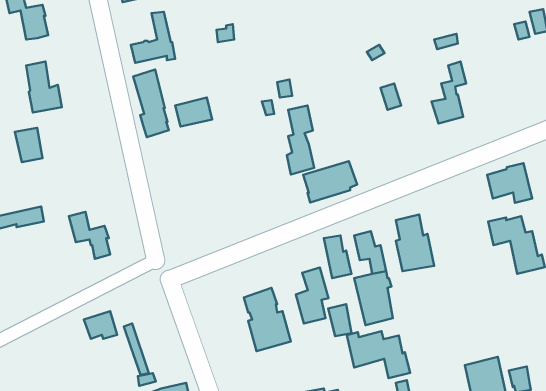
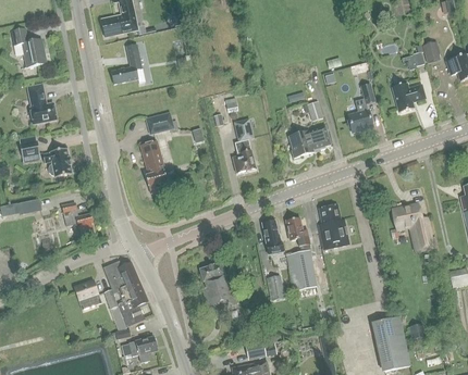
building: none -> [392,83,426,111]
building: [133,70,169,137] -> [139,139,168,192]
building: none -> [42,147,72,176]
building: [303,161,357,203] -> [288,124,331,157]
building: [487,163,532,203] -> none
building: [296,268,329,324] -> none
building: none -> [106,261,147,325]
building: [347,331,410,378] -> none

